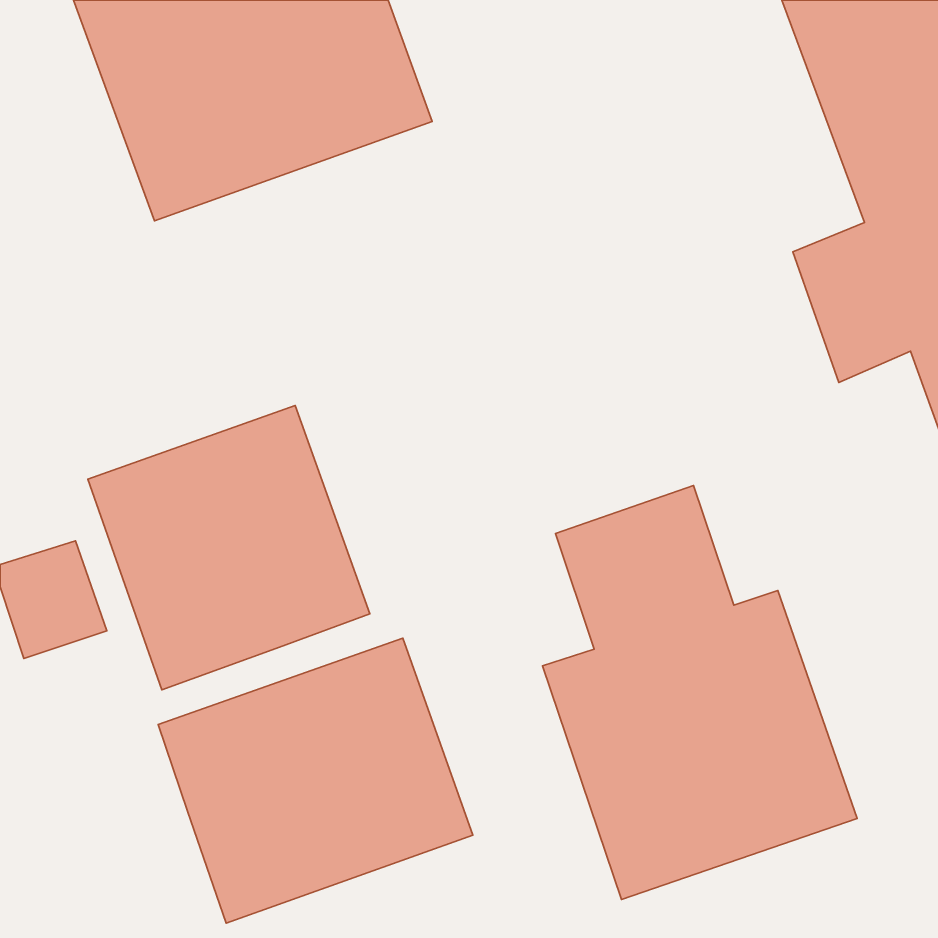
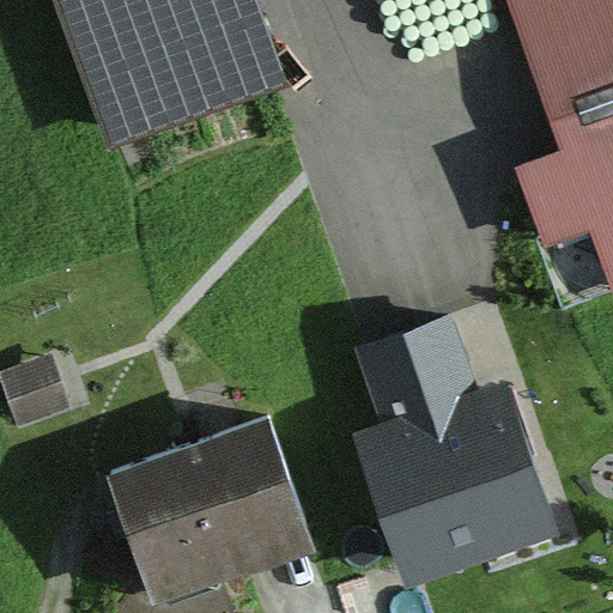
building: [88,405,370,690] -> none

